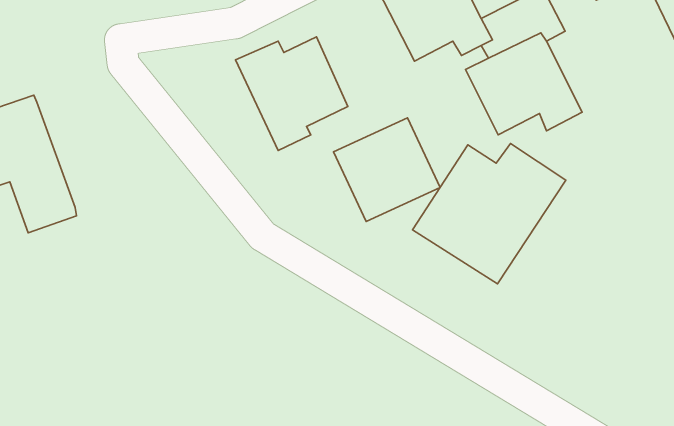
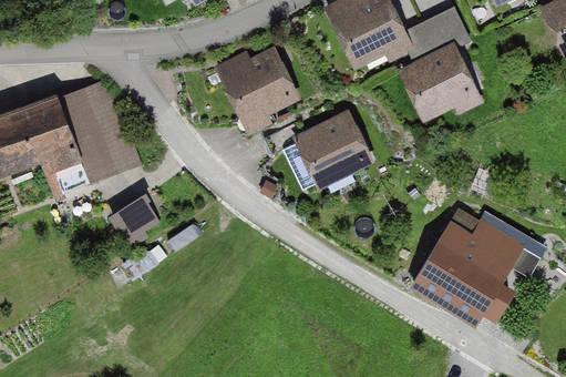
building: none -> [60,78,136,177]
building: [412,143,566,284] -> [408,218,527,328]
building: none -> [115,192,162,235]

